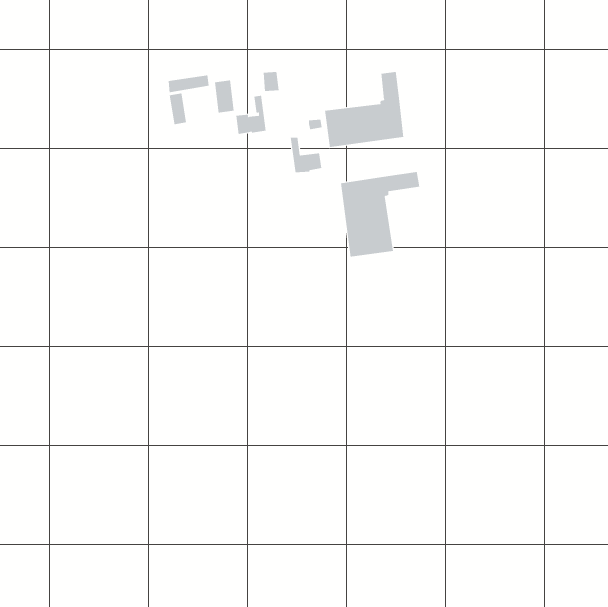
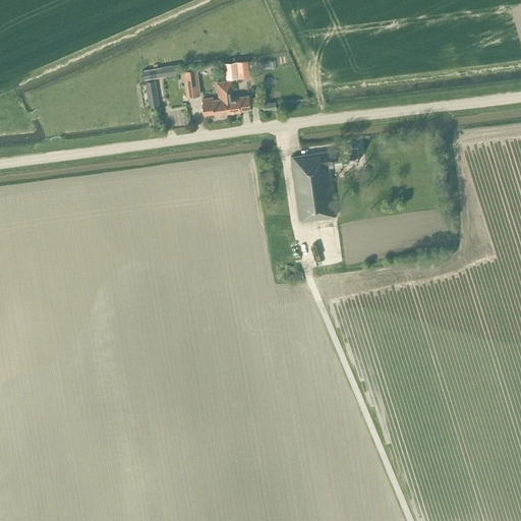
building: [325,71,404,148] -> none
building: [290,137,322,173] -> [224,82,251,113]

